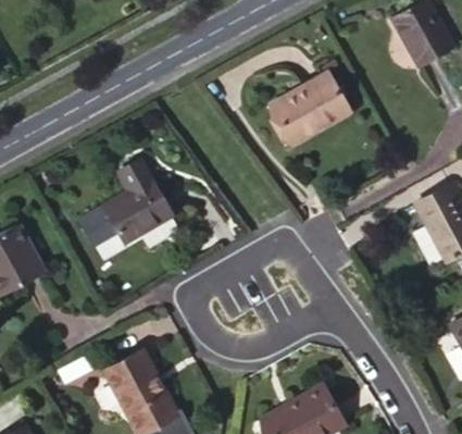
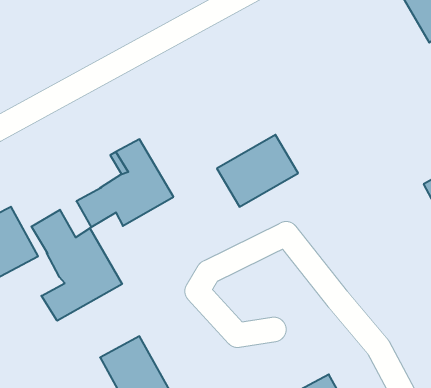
building: [271,73,349,142] -> [217,135,298,207]
building: none -> [31,210,122,321]

